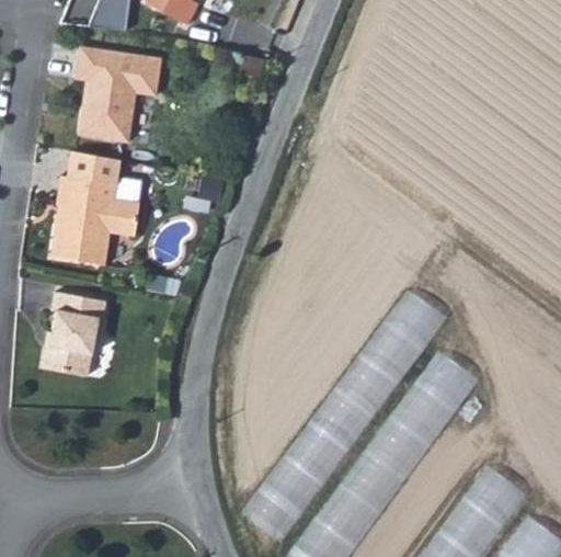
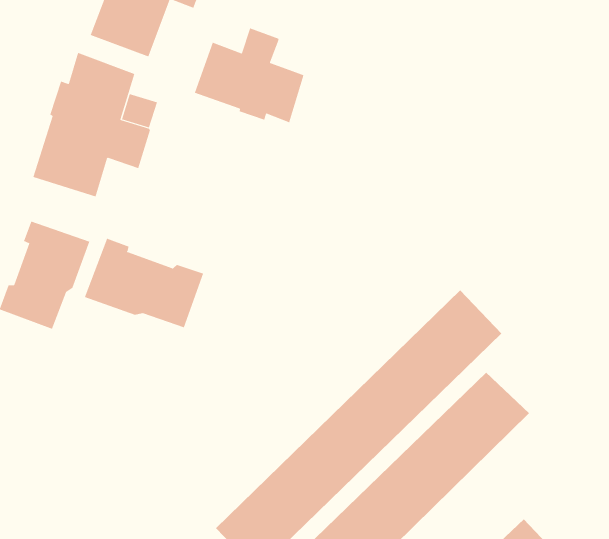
building: none -> [194,27,304,123]
building: none -> [84,238,204,328]

